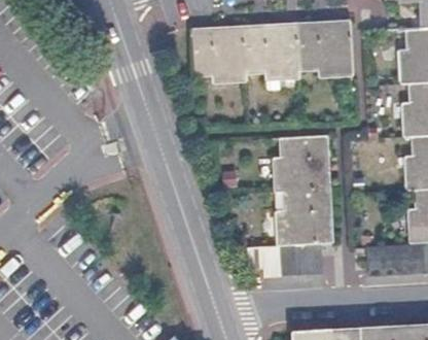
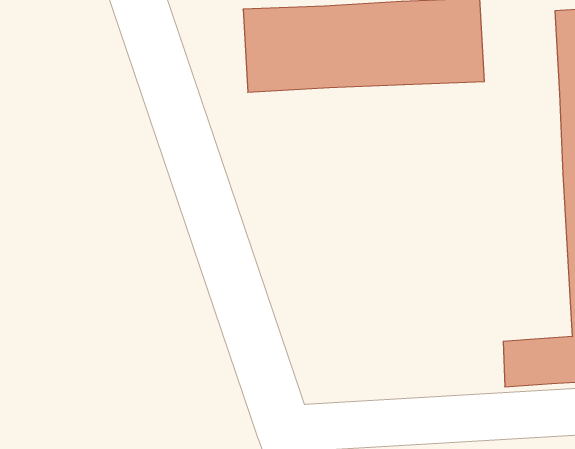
building: [264,138,331,278] -> none

